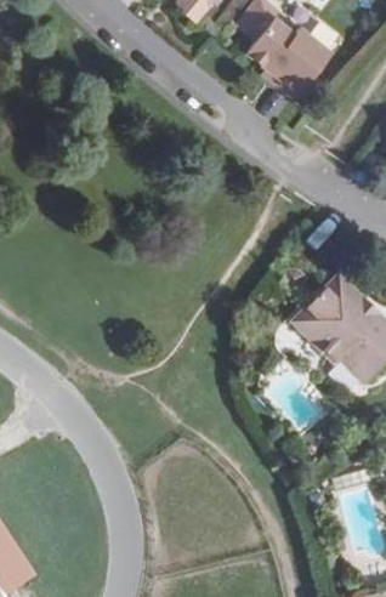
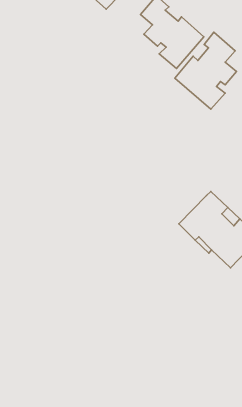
building: none -> [175,32,236,109]

